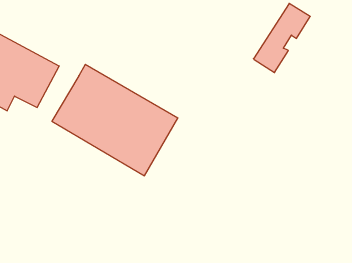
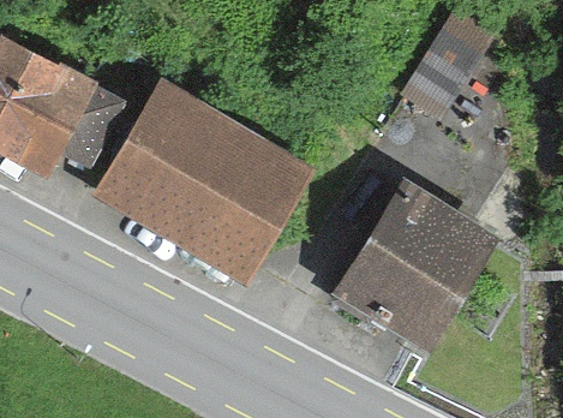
building: none -> [333,187,487,345]

